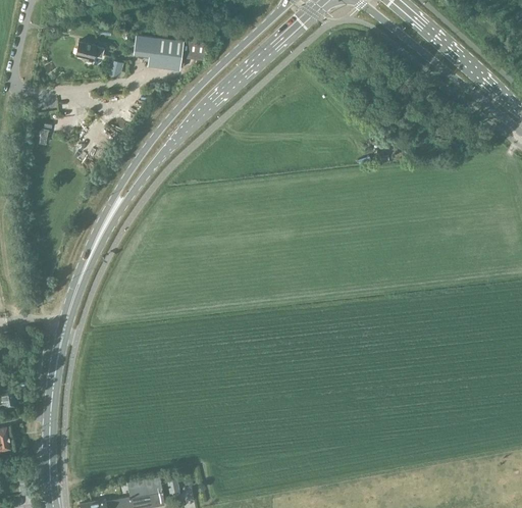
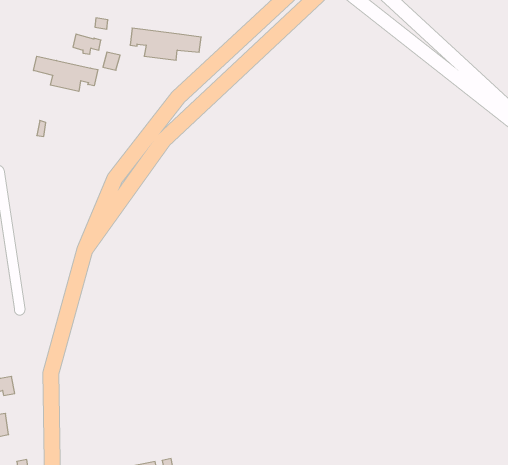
building: none -> [34,56,98,91]

